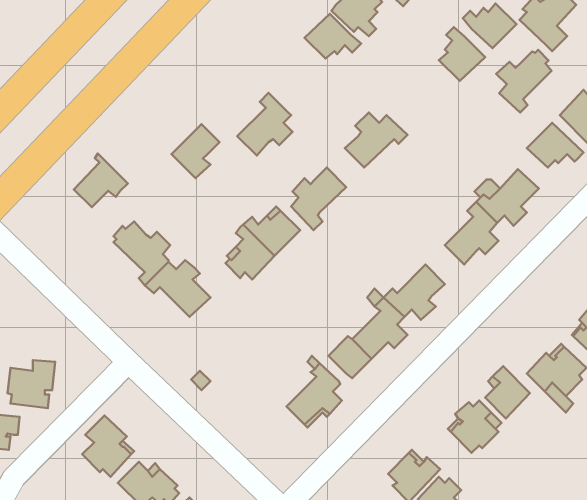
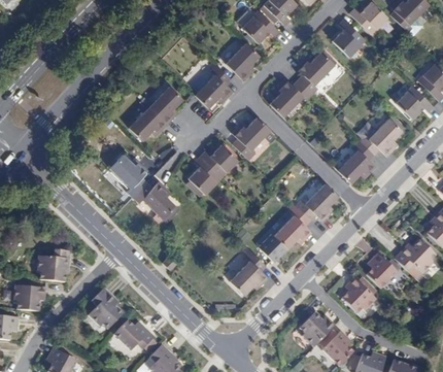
building: [496,50,551,113] -> [296,50,334,94]
building: none -> [226,42,259,80]
building: [74,154,128,207] -> [129,103,166,140]

